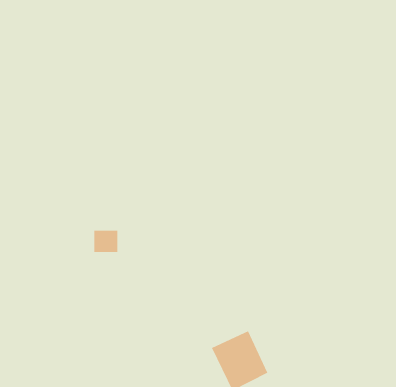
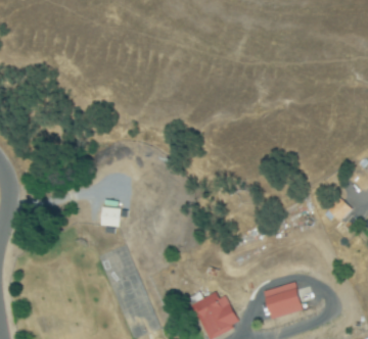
building: none -> [263,282,303,319]

